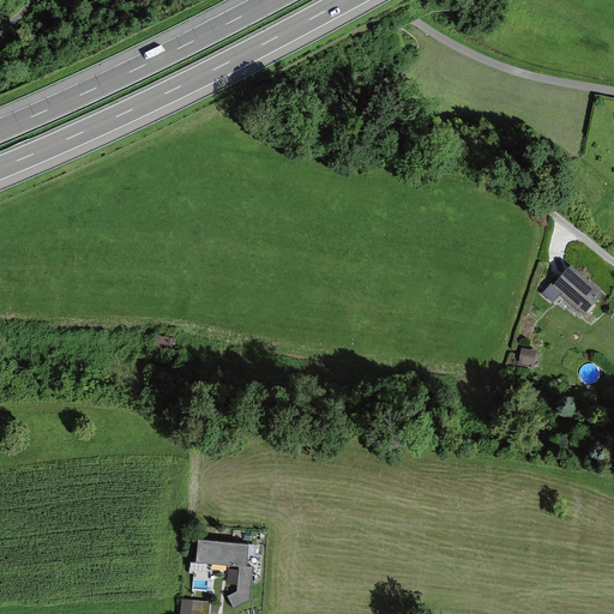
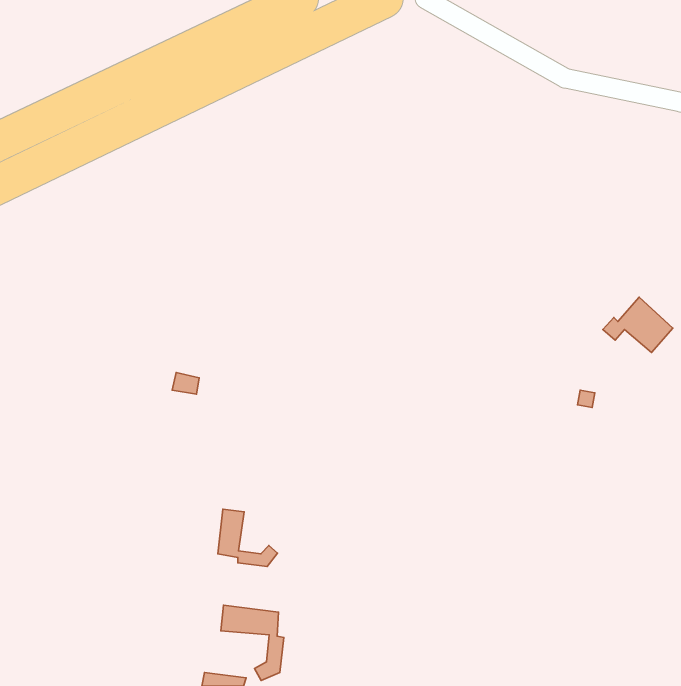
building: none -> [218,509,277,566]

